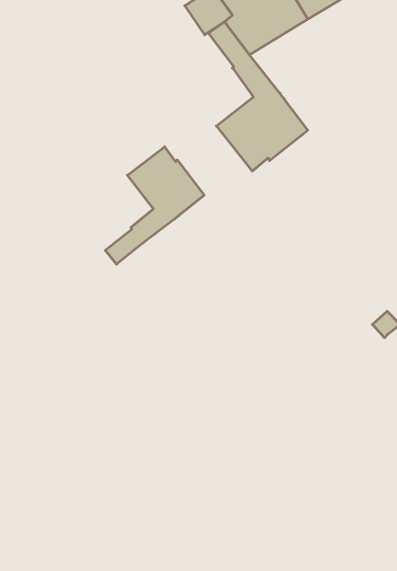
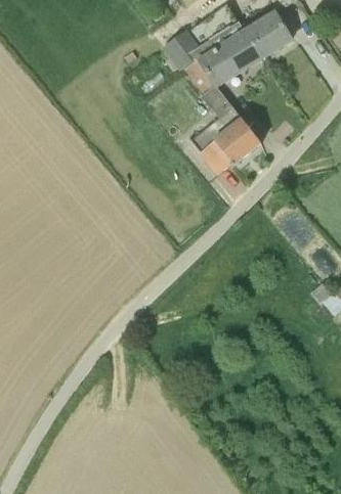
building: [105,147,204,264] -> none

